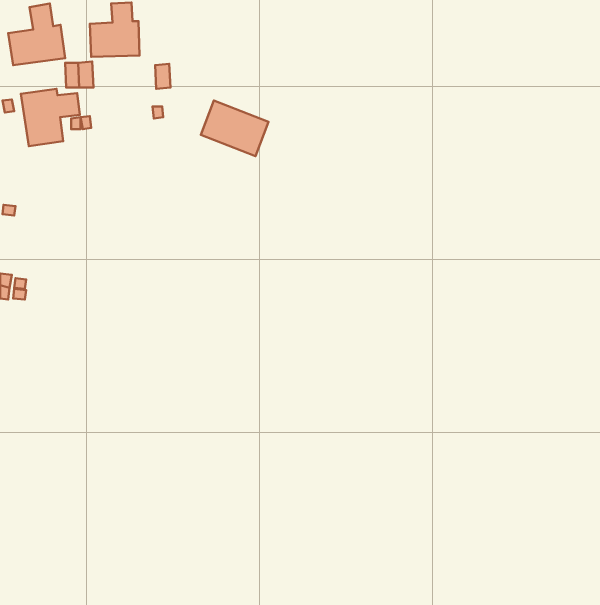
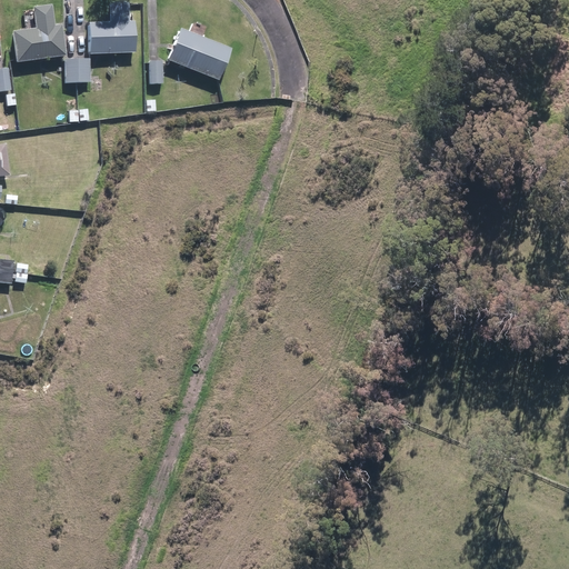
building: [21,89,80,146] -> none
building: [201,100,268,156] -> [168,28,231,80]

